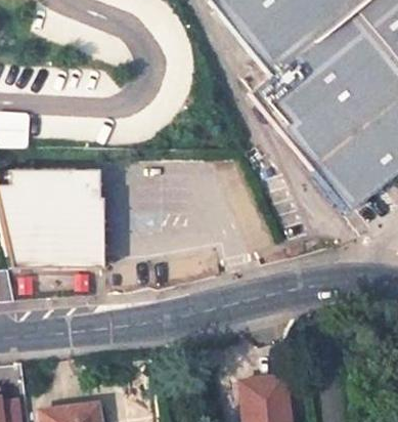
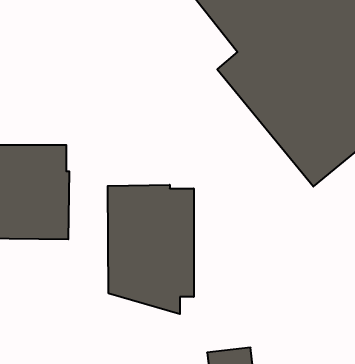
building: none -> [108,185,194,314]

